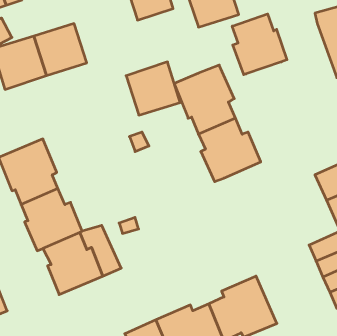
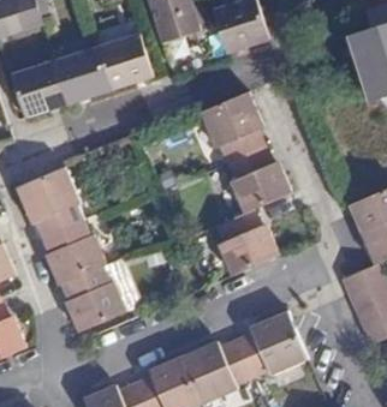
building: [232,14,287,75] -> none
building: [126,62,180,115] -> [96,34,153,89]
building: none -> [214,209,279,275]

